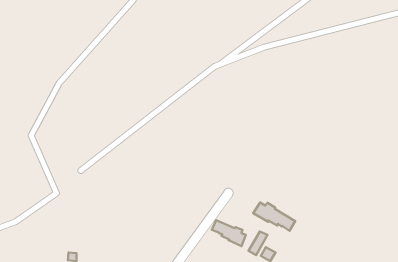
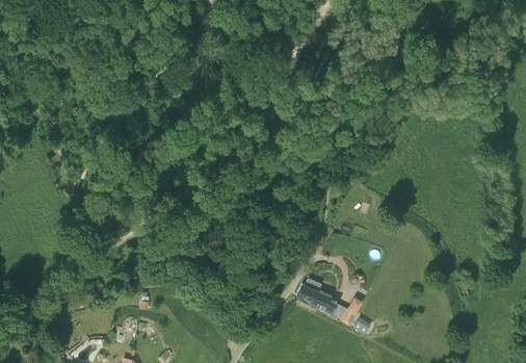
building: [253,203,295,231] -> none

